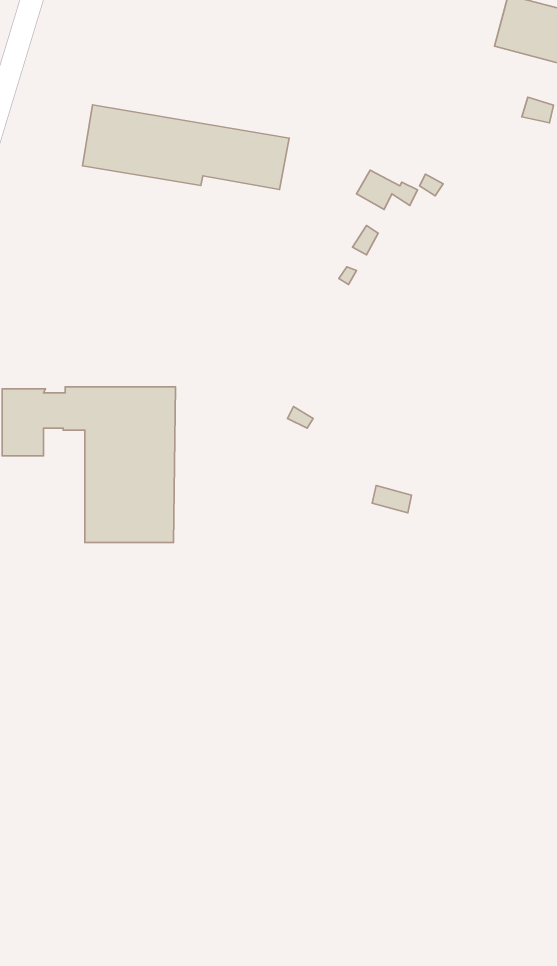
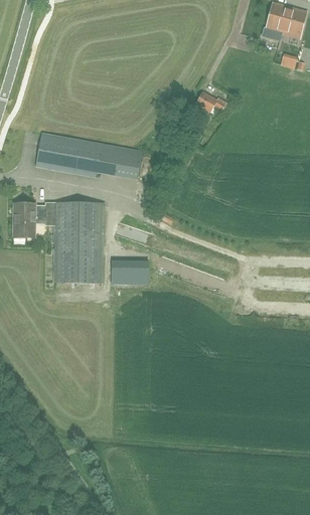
building: [83,105,289,189] -> [35,134,141,177]
building: none -> [112,259,148,282]

